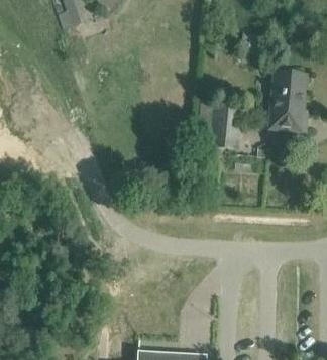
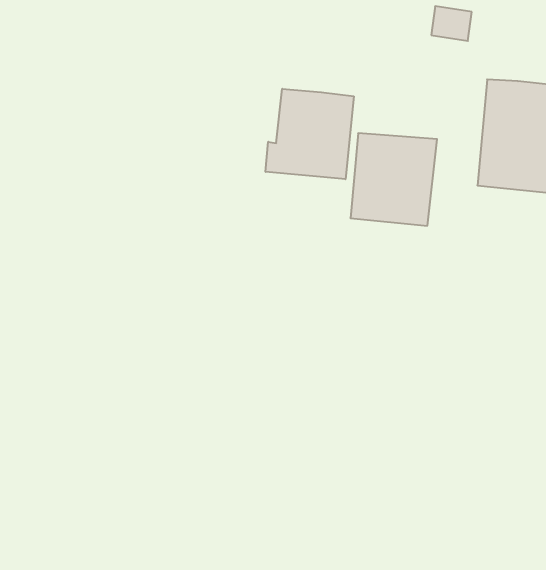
building: none -> [266,89,354,179]

